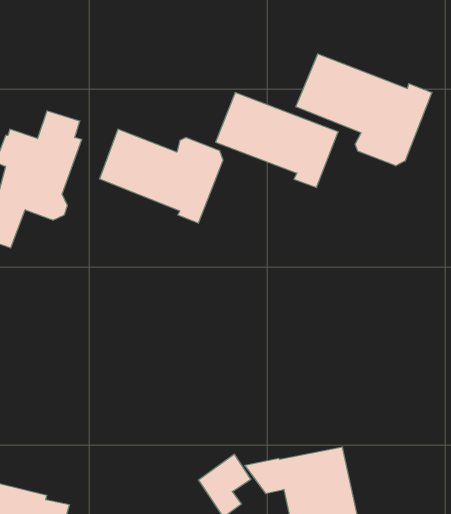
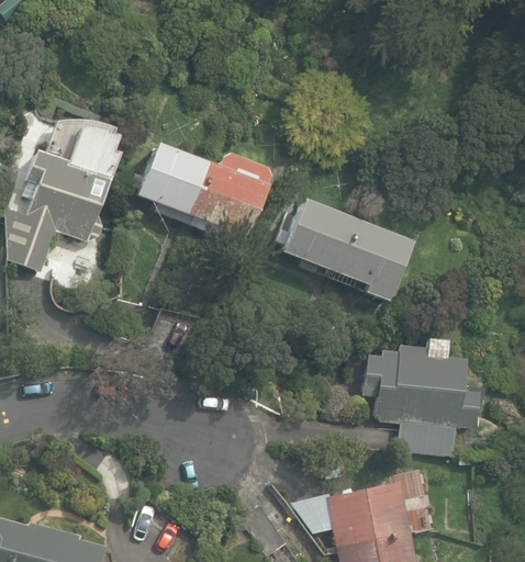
building: [296,54,432,166] -> none
building: [216,93,338,188] -> [278,198,409,299]
building: none -> [364,338,482,454]

